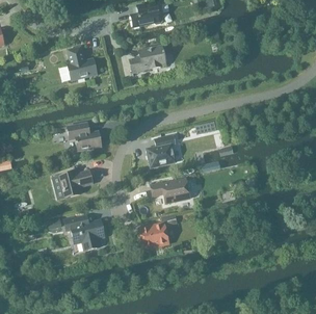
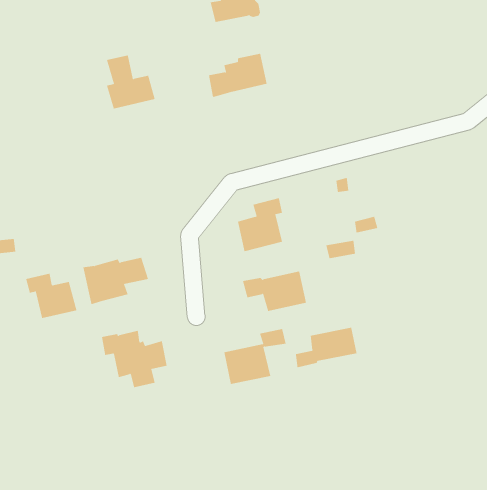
building: [68,122,102,150] -> none
building: none -> [25,273,77,319]
building: none -> [295,327,357,368]

